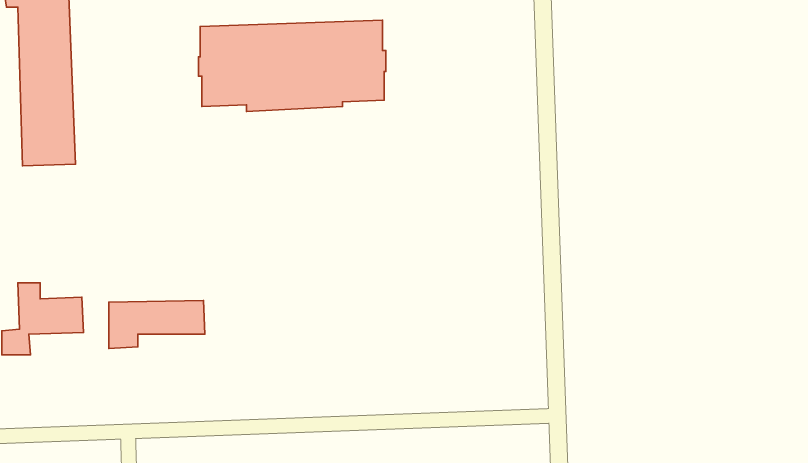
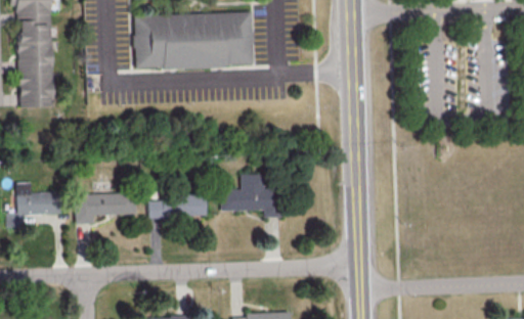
building: none -> [222,174,281,218]
building: none -> [148,195,208,218]

